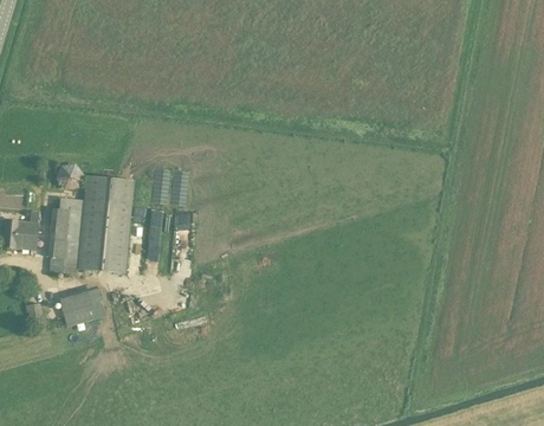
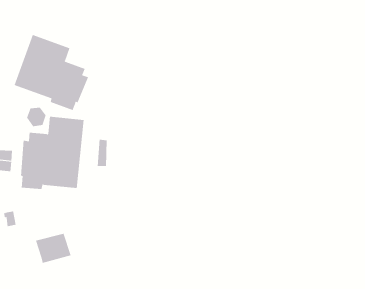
building: none -> [14,34,89,111]
building: [57,286,105,327] -> [35,233,71,263]

